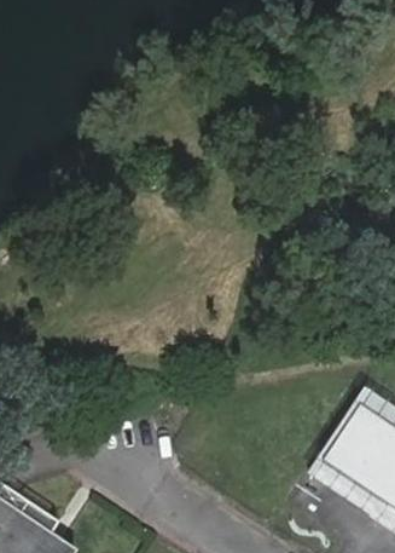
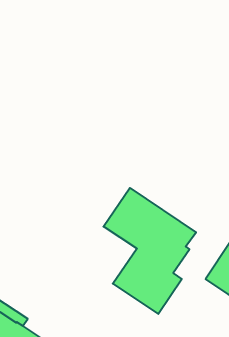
building: none -> [103,188,196,314]

